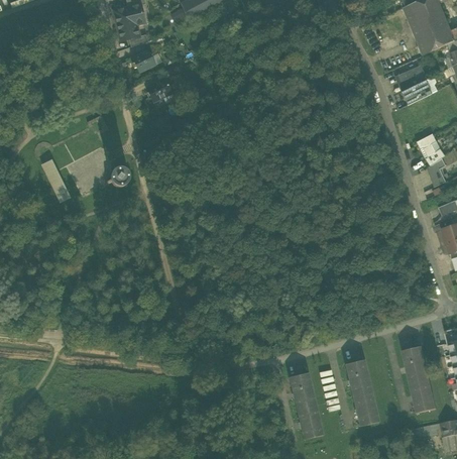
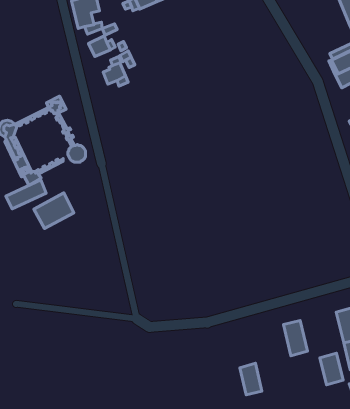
building: none -> [6,180,46,209]
building: none -> [34,193,74,228]
building: [289,372,314,410] -> none
building: [352,391,377,426] -> [320,353,343,385]

